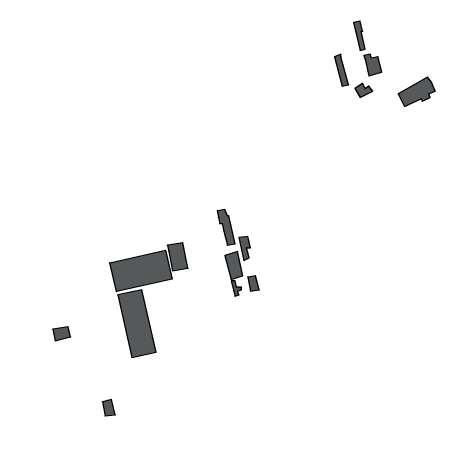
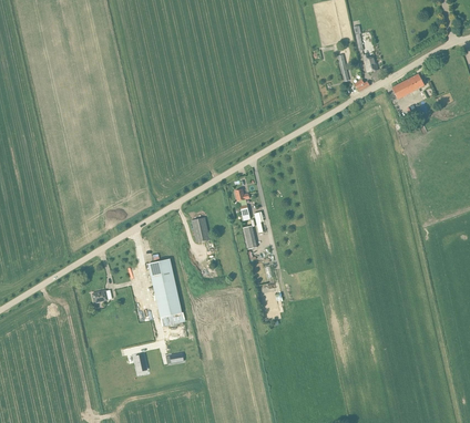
building: [110,250,172,292] -> none

